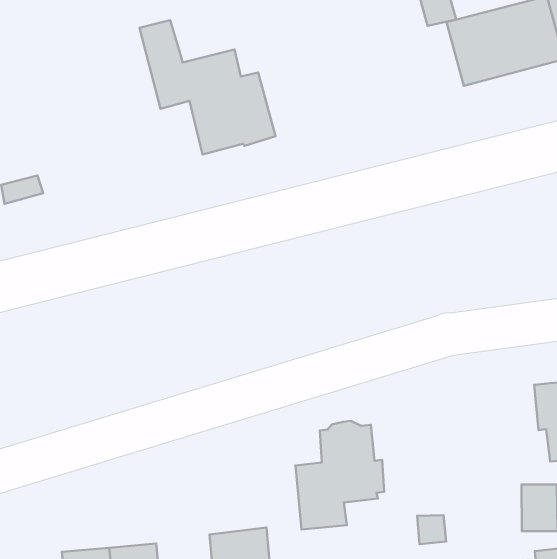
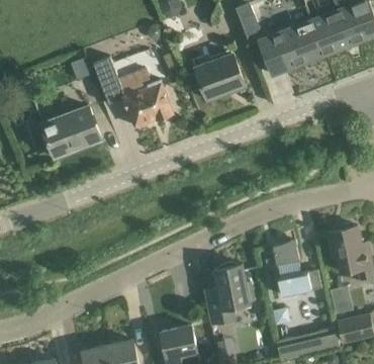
building: none -> [195,55,245,101]
building: none -> [41,107,101,157]
building: none -> [272,242,321,296]

